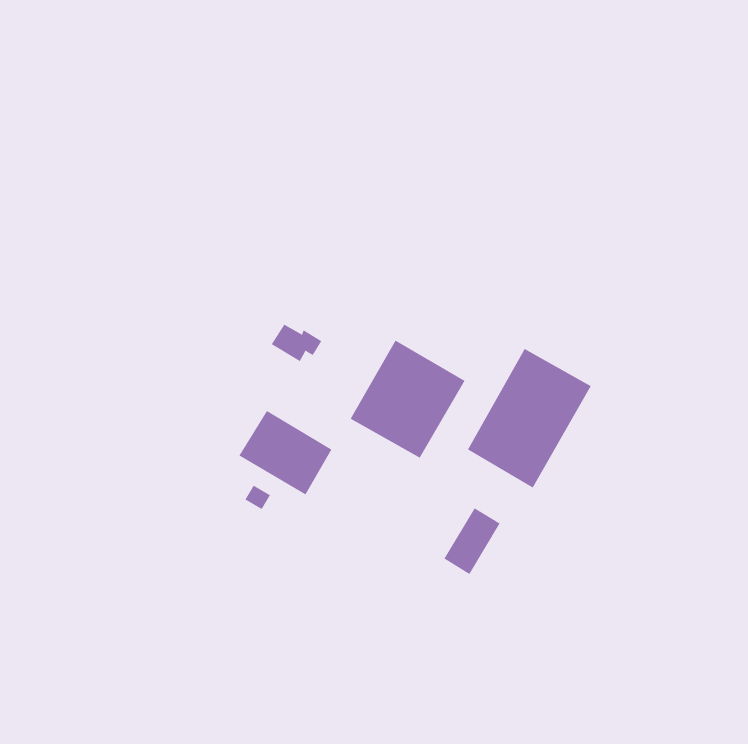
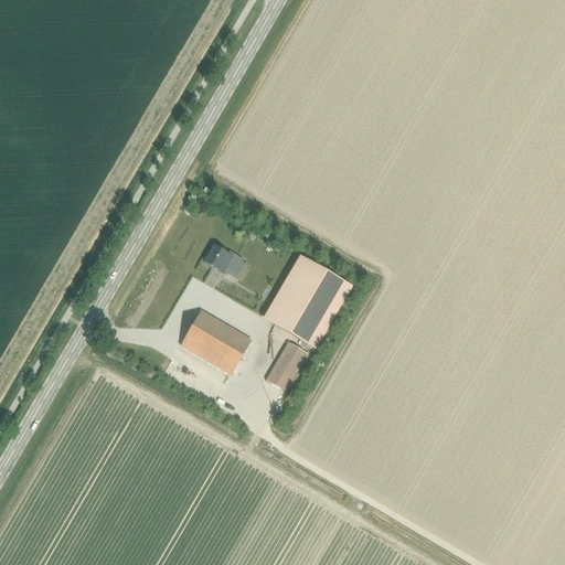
building: [467,348,592,488] -> none
building: [443,507,501,575] -> [265,340,308,391]

